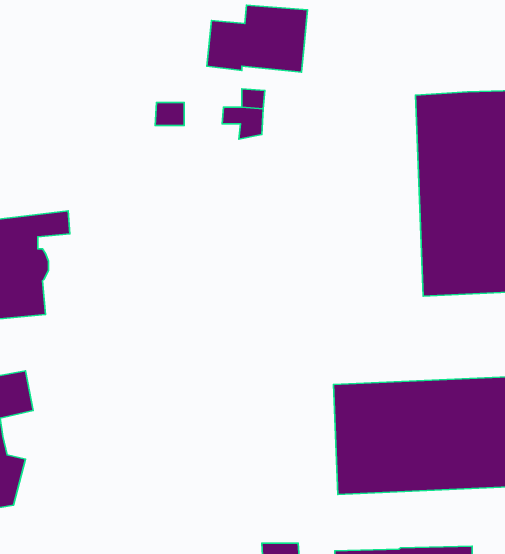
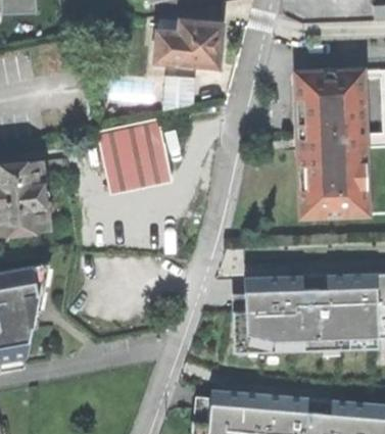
building: none -> [94,120,169,190]

